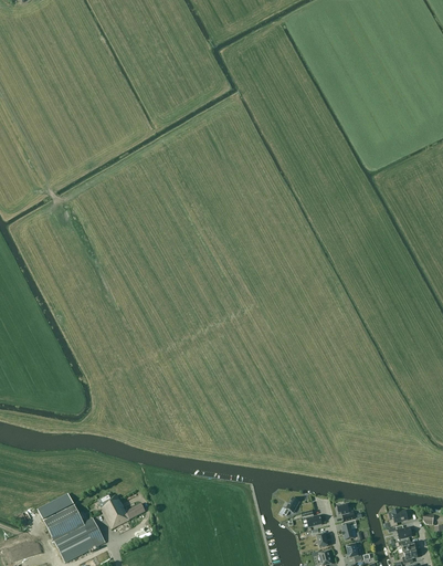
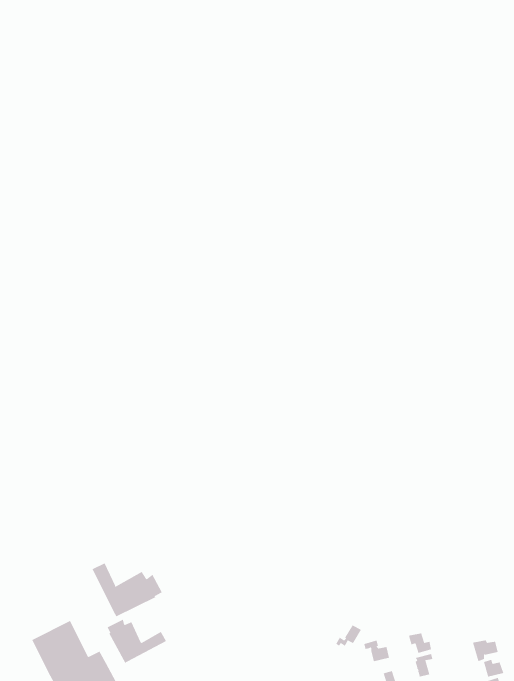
building: none -> [92,563,163,617]

